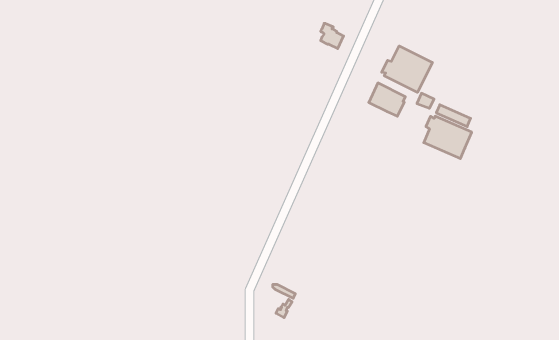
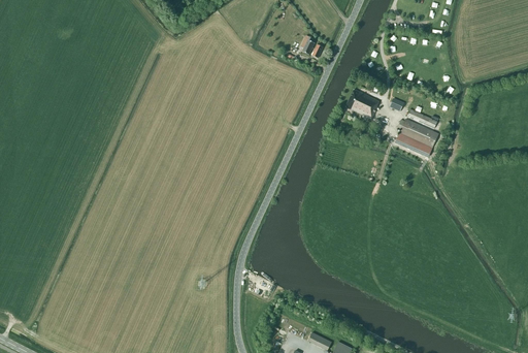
building: [382,46,432,92] -> none

